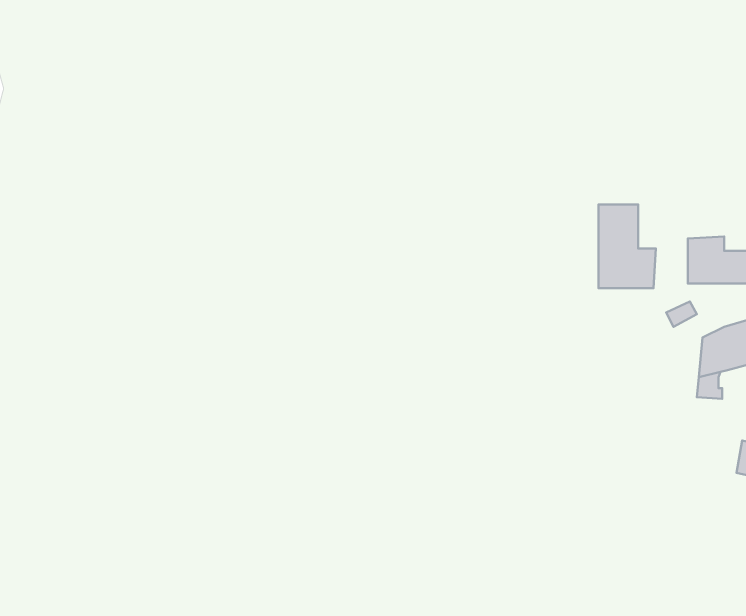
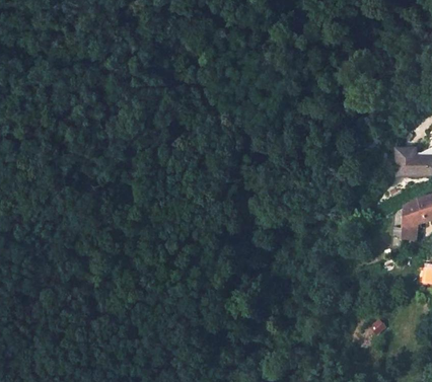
building: [598,204,656,288] -> none

